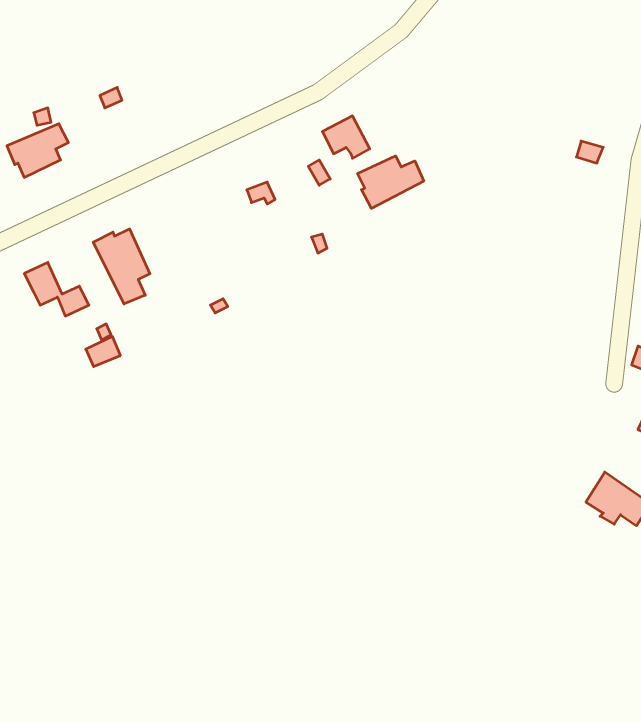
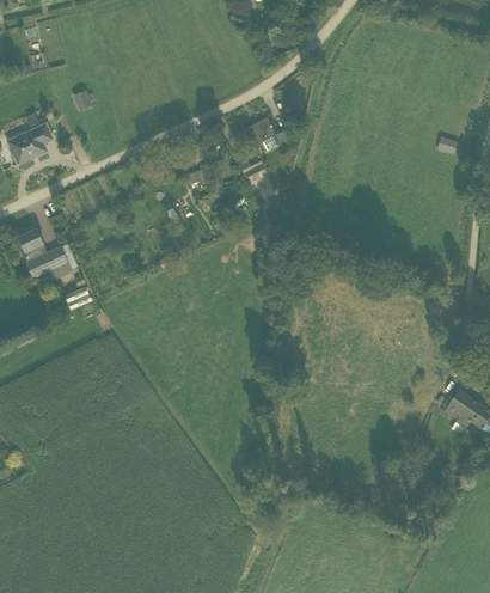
building: [358,156,424,208] -> none
building: [93,229,150,304] -> none

